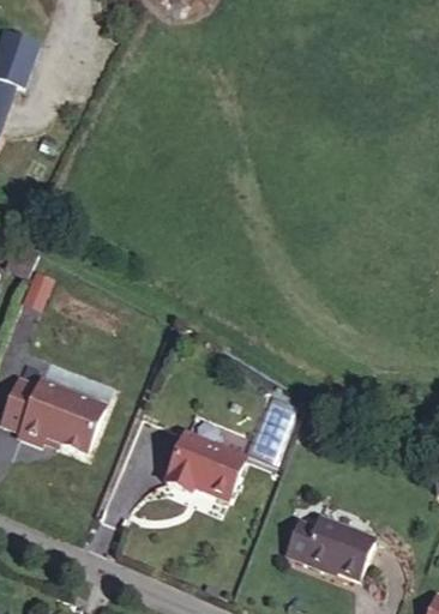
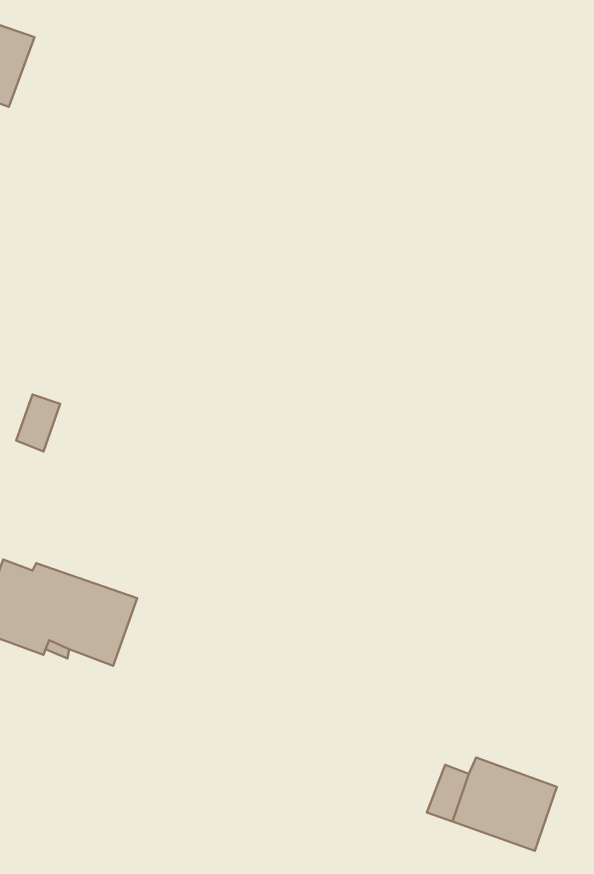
building: [164,431,245,496] -> none

